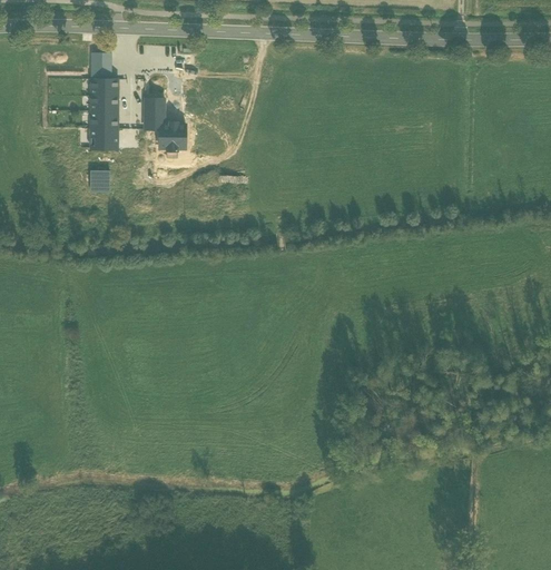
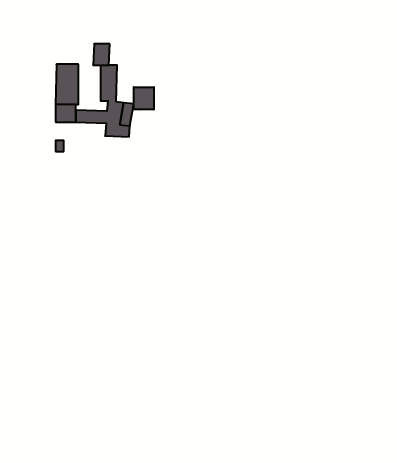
building: [92,52,112,78] -> [93,44,110,65]
building: none -> [134,87,154,110]

